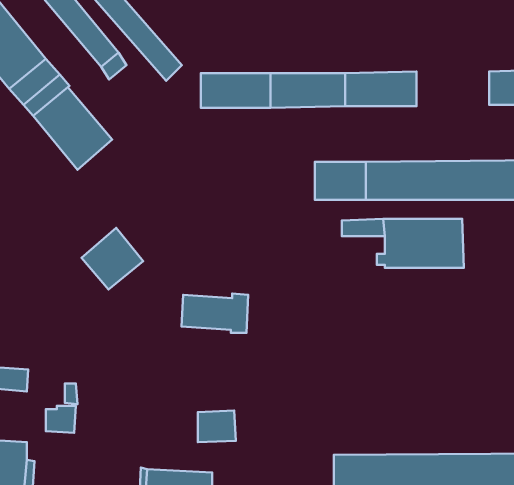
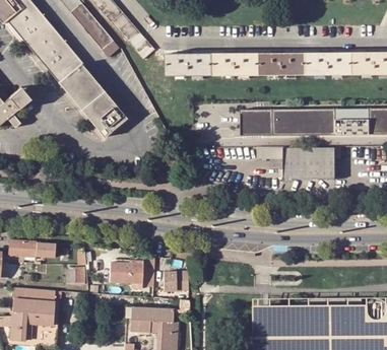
building: none -> [305,53,351,75]
building: [81,228,143,290] -> [87,96,127,136]
building: [182,293,248,333] -> [111,260,153,285]

